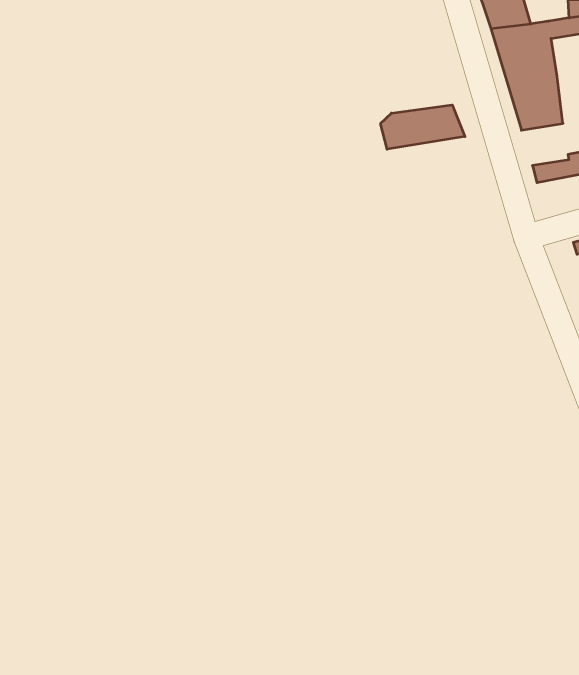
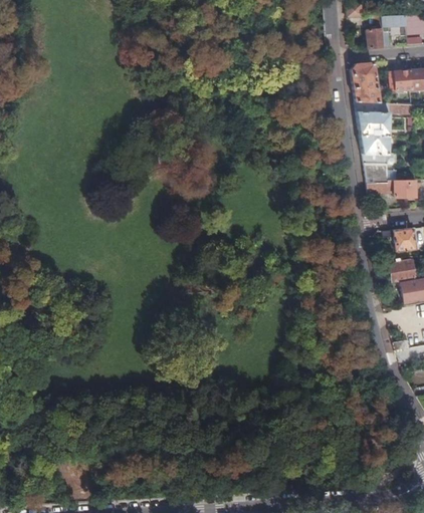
building: [381,105,465,149] -> none
building: none -> [364,163,388,184]

